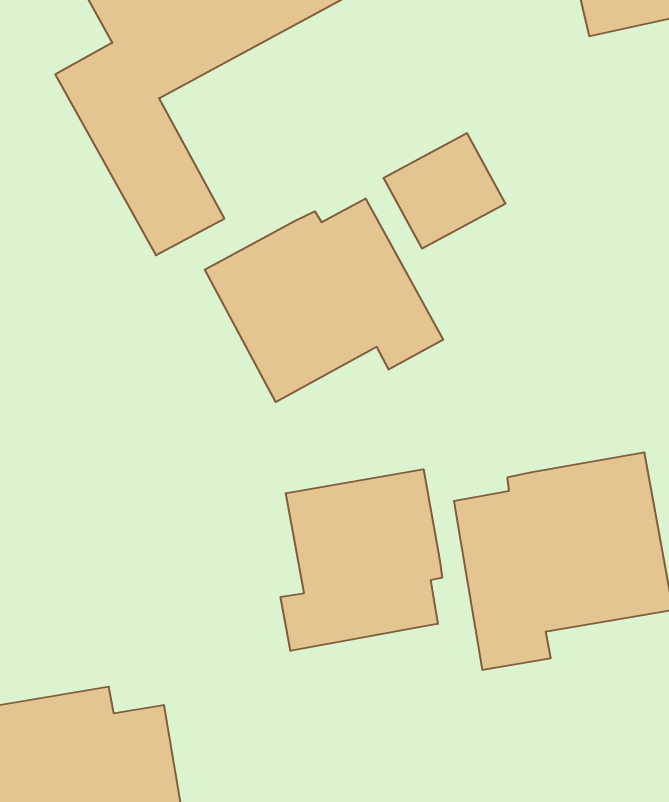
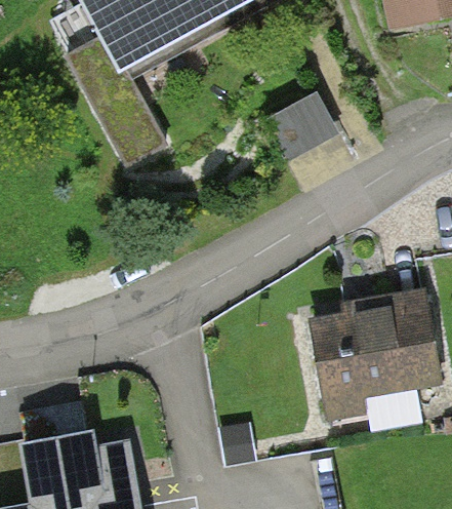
building: [205,199,443,402] -> none
building: [281,469,442,651] -> none

